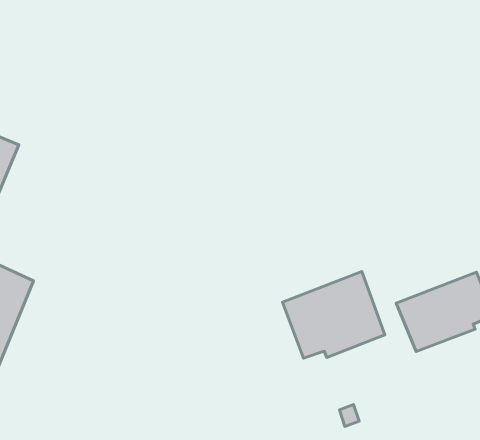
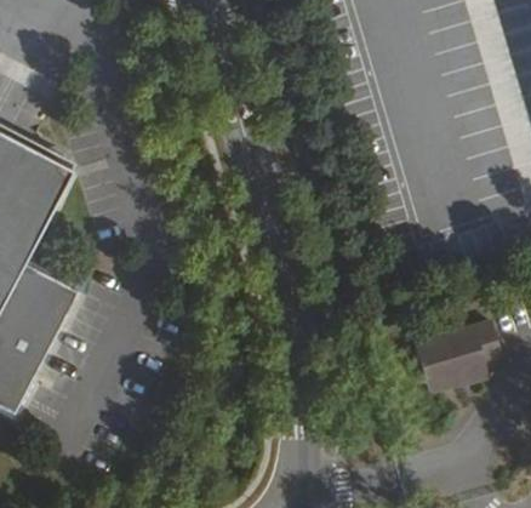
building: [282,271,385,358] -> none

